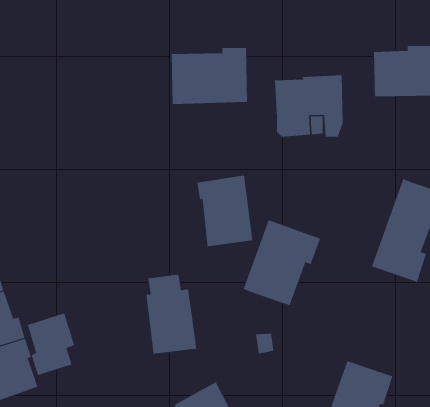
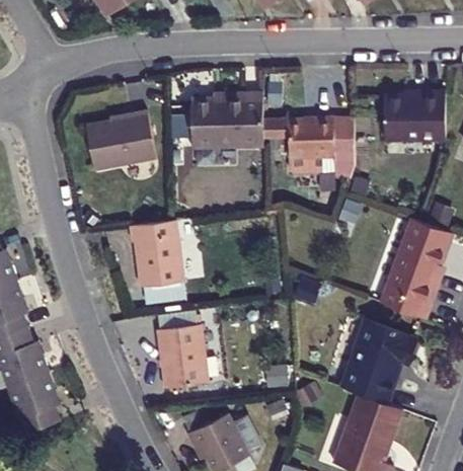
building: none -> [89,111,156,170]
building: [196,175,253,247] -> [129,221,183,290]
building: [243,220,321,306] -> [341,320,416,403]
building: [27,312,75,376] -> none

